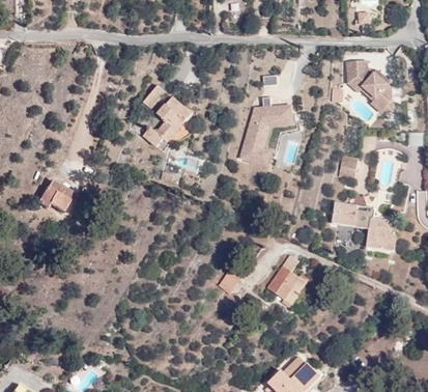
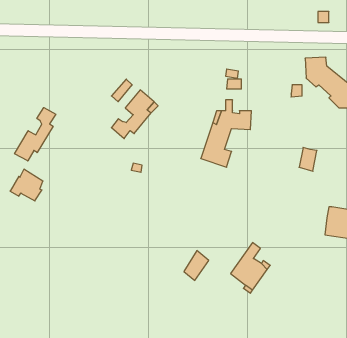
building: none -> [15,108,56,161]
building: [332,201,374,228] -> none

